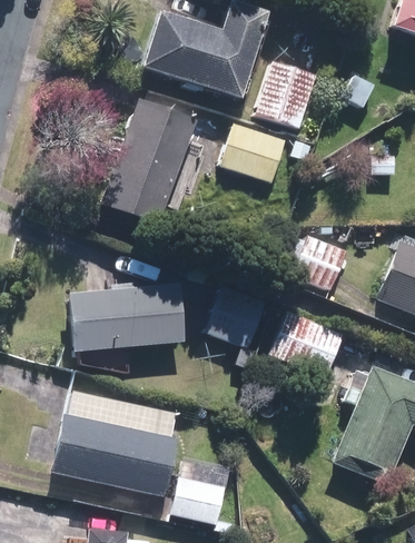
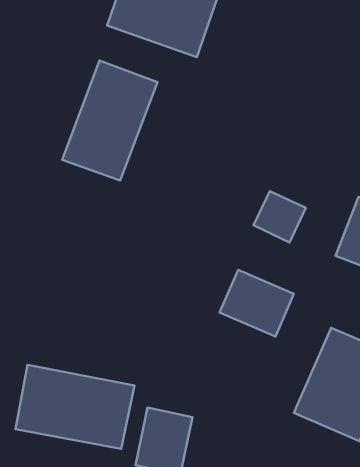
building: [255,58,322,129] -> none
building: [221,126,283,180] -> none
building: [69,284,186,348] -> none
building: [197,292,257,354] -> none

